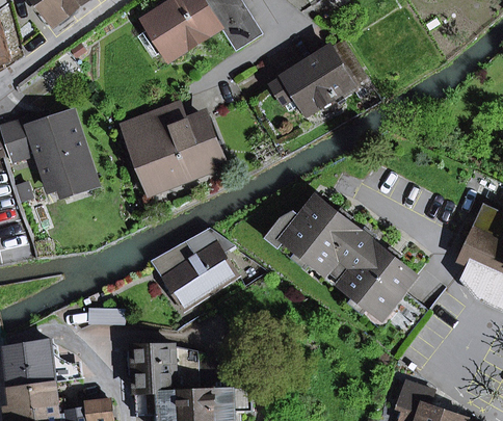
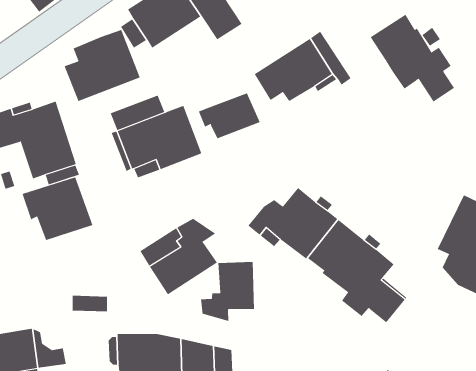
building: none -> [370,14,455,103]
building: none -> [64,29,140,102]
building: none -> [198,92,260,139]
building: none -> [22,176,93,241]
building: none -> [201,261,255,322]

